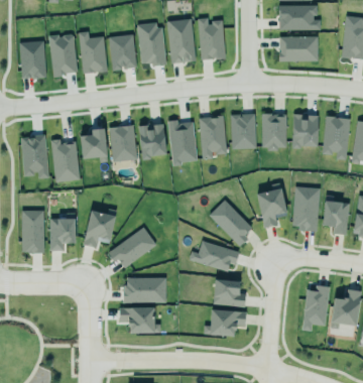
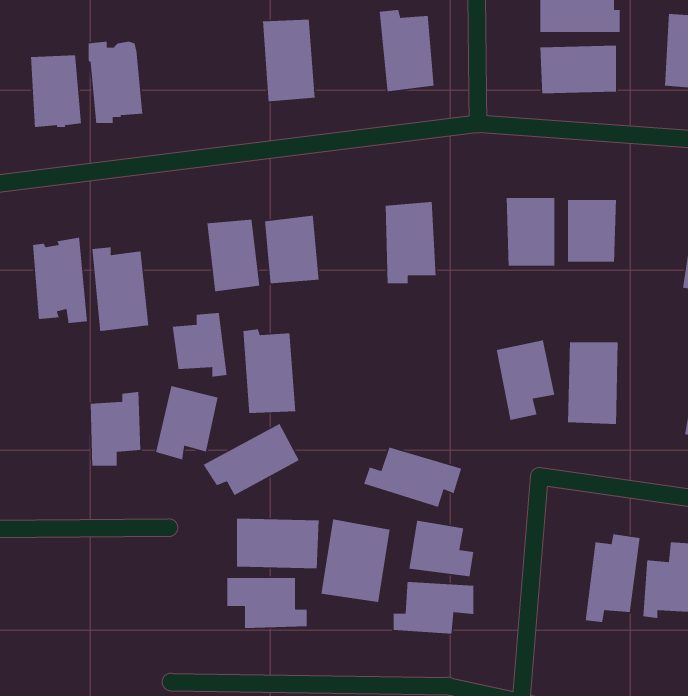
building: [167,19,195,63] -> none
building: [77,31,105,73] -> none
building: [108,34,136,71] -> none
building: [230,114,256,149] -> none
building: [322,116,350,160] -> none
building: [168,120,196,163] -> [243,329,296,414]
building: [79,129,107,162] -> [172,312,227,378]
building: [209,200,253,245] -> none
building: [323,202,349,235] -> none
building: [21,211,43,253] -> none
building: none -> [320,519,391,603]

